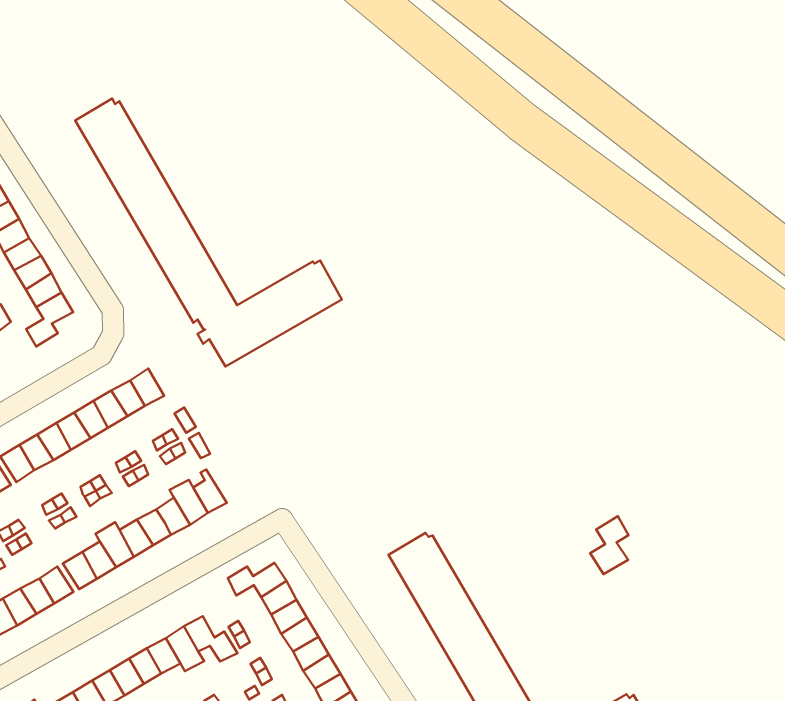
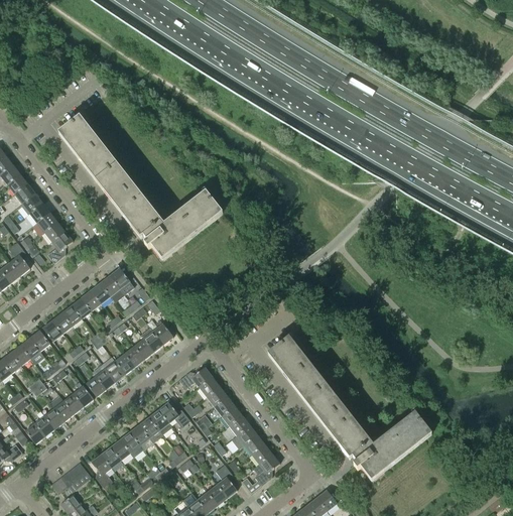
building: [590,516,629,574] -> none

